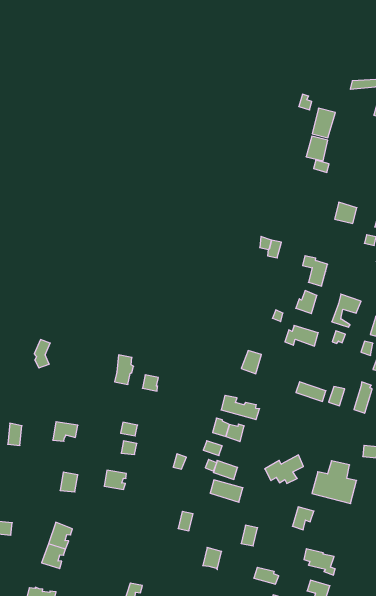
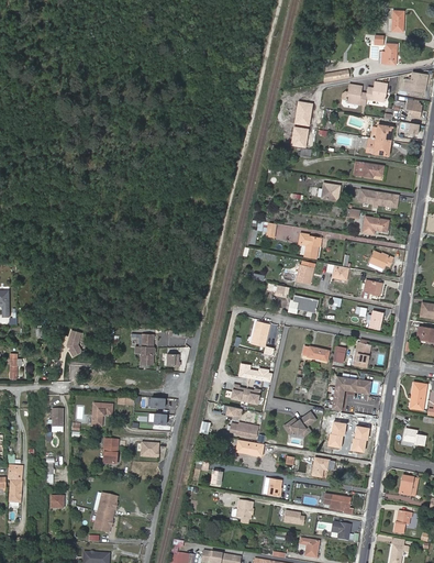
building: none -> [332,376,370,410]

